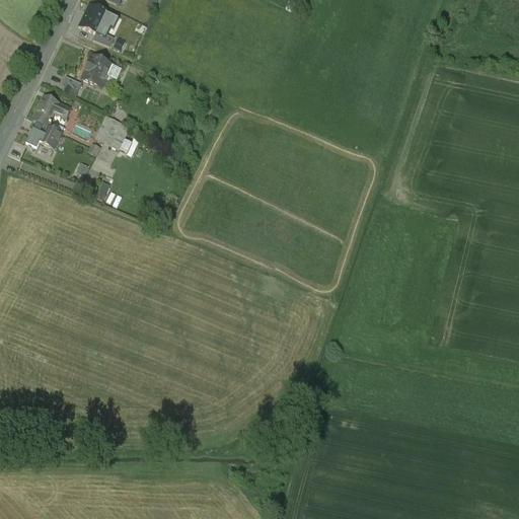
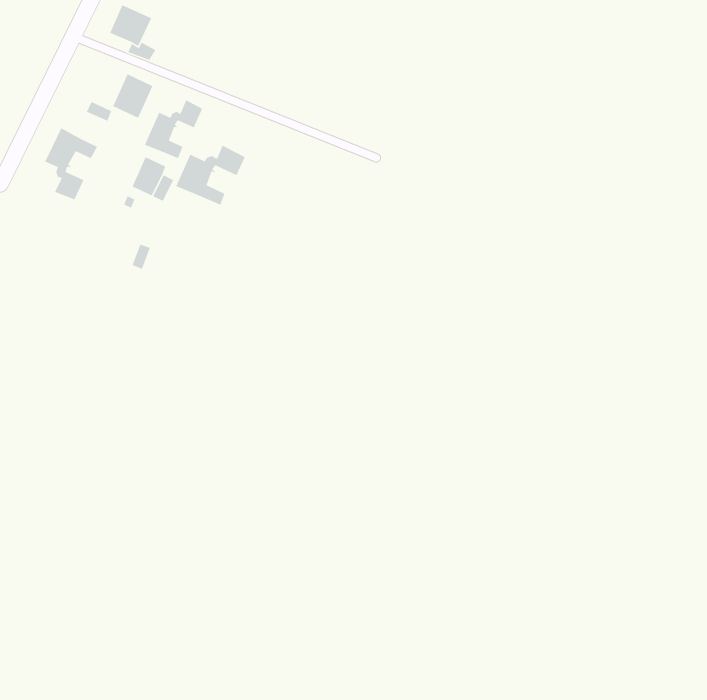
building: none -> [144,99,203,159]
building: none -> [175,145,246,206]

